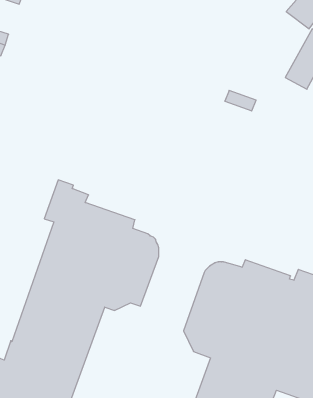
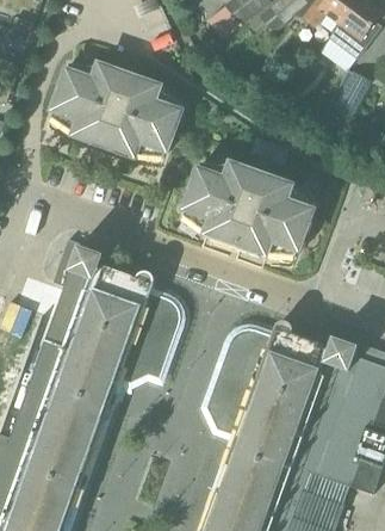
building: none -> [51,62,182,155]
building: none -> [184,162,315,255]

